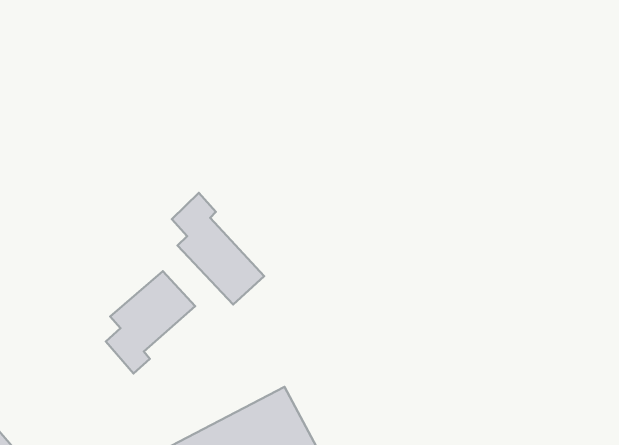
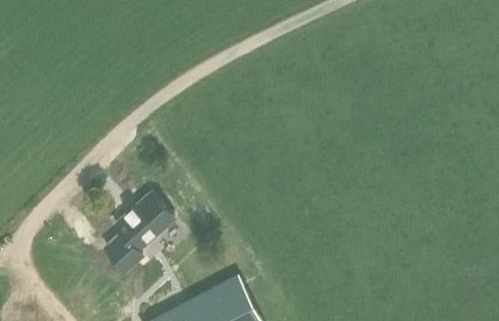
building: [172,193,264,304] -> none

